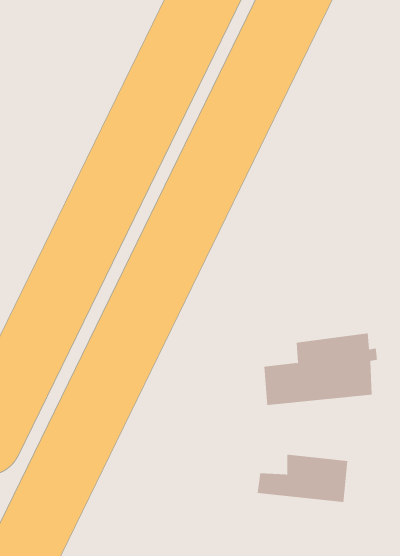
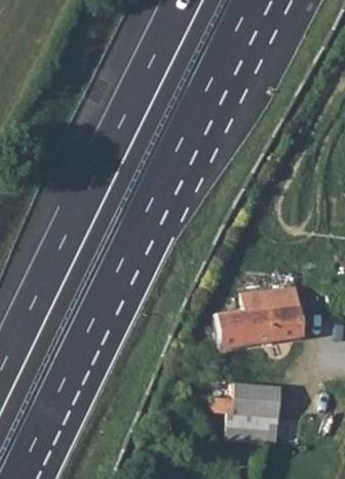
building: none -> [225,413,279,444]

